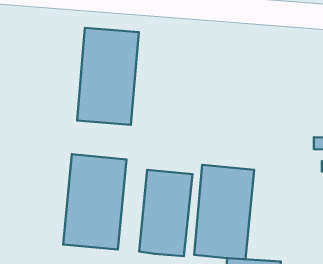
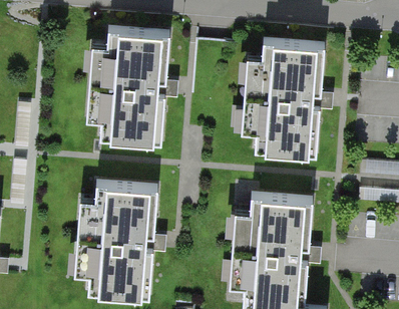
building: none -> [239,45,310,159]
building: [139,170,192,256] -> none

